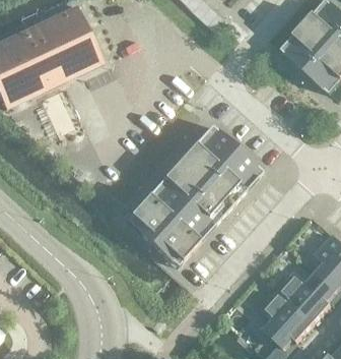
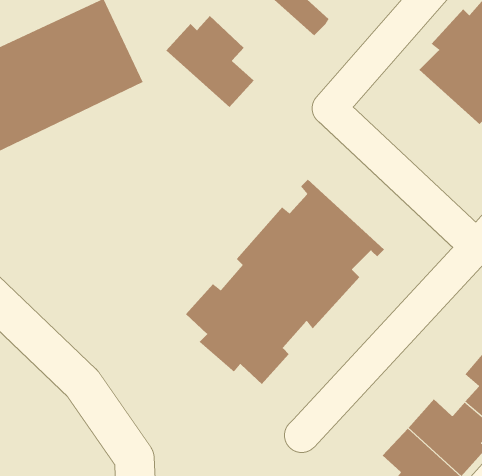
building: none -> [166,15,254,108]

